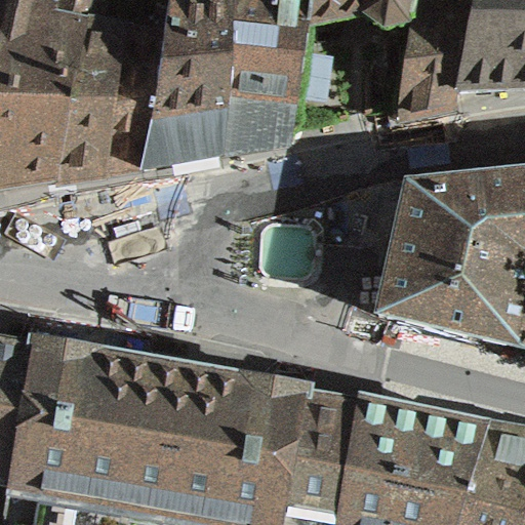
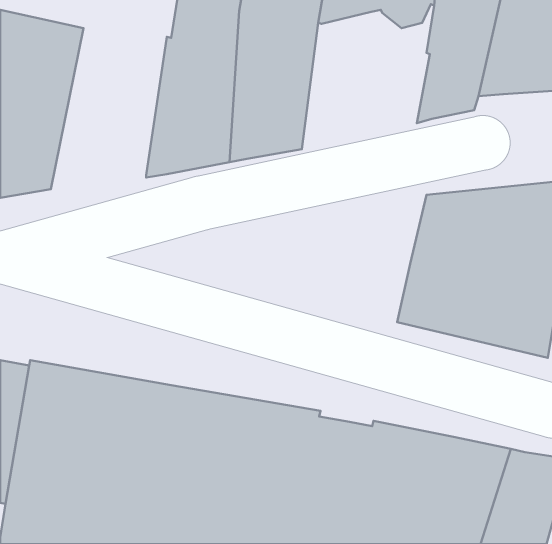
building: [49,25,159,179] -> none

